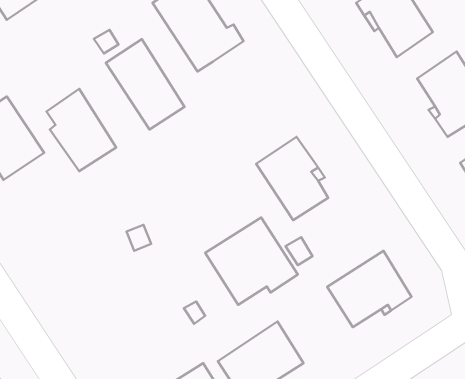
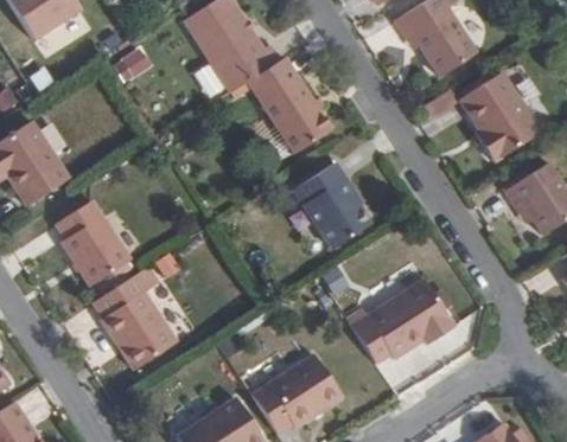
building: [106,39,185,129] -> [247,56,330,150]
building: [46,89,116,171] -> [56,198,129,284]
building: [205,217,298,305] -> none
building: none -> [93,275,174,371]

